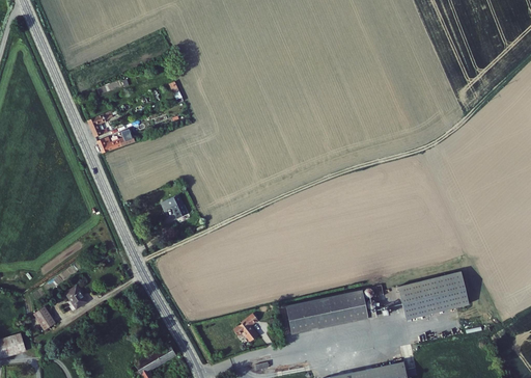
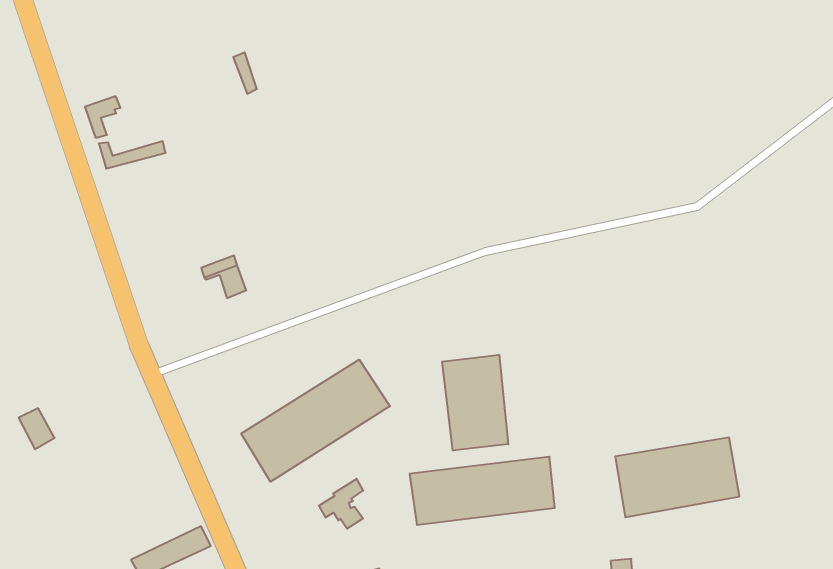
building: none -> [442,355,508,451]
building: none -> [241,360,390,482]

